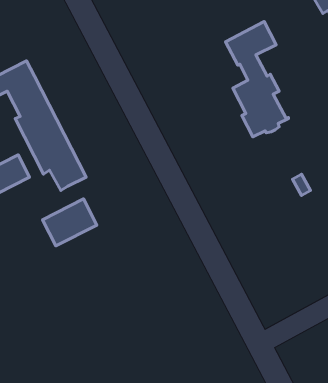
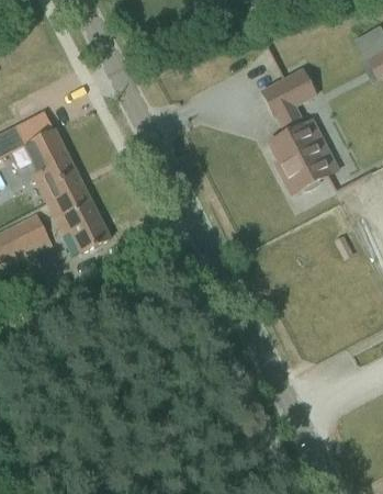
building: [42,199,97,246] -> none

